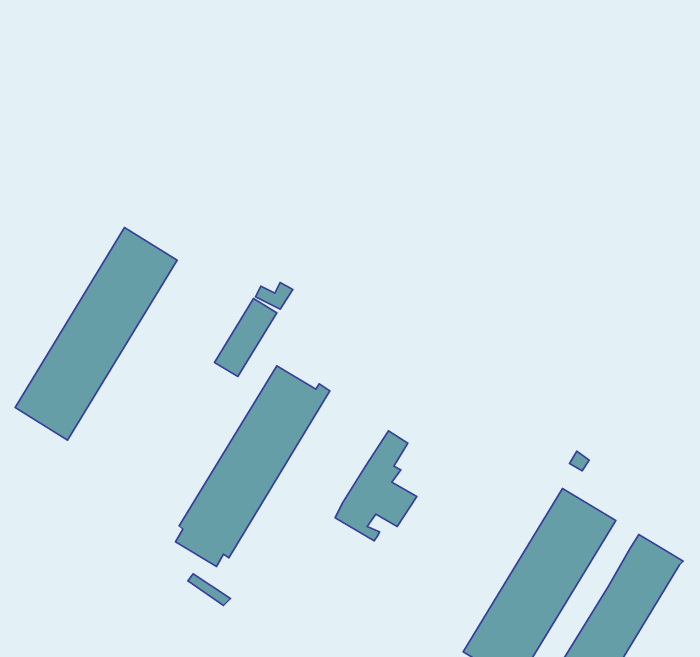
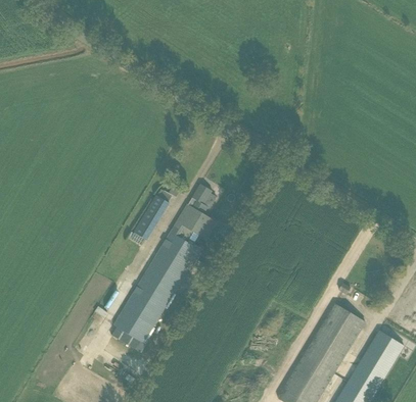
building: [15,228,177,440] -> none
building: [335,431,417,541] -> [169,183,216,246]

